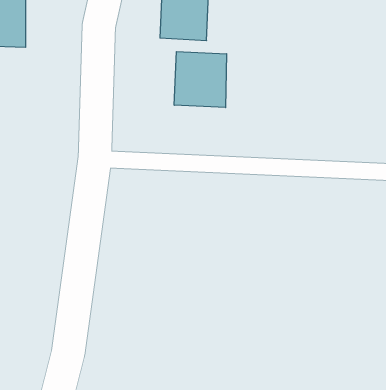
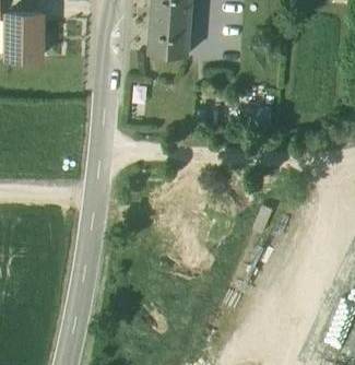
building: [174,52,227,108] -> none

